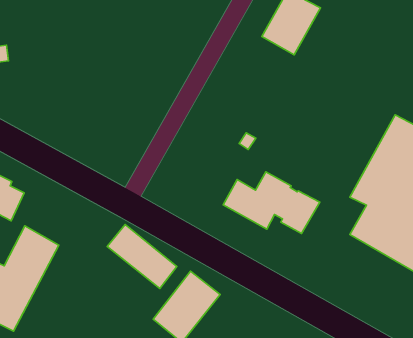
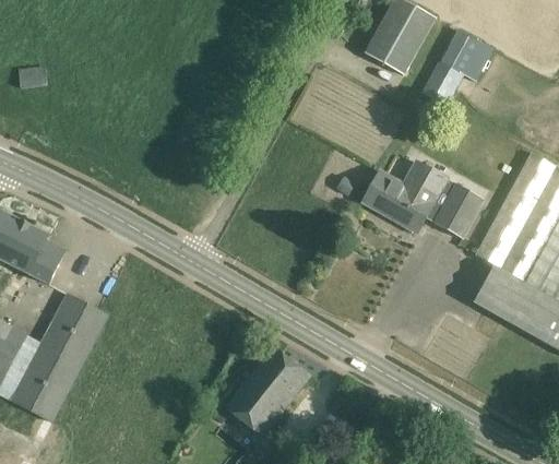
building: none -> [421,31,495,105]
building: [223,172,320,234] -> [364,160,485,238]
building: [107,225,177,289] -> none

